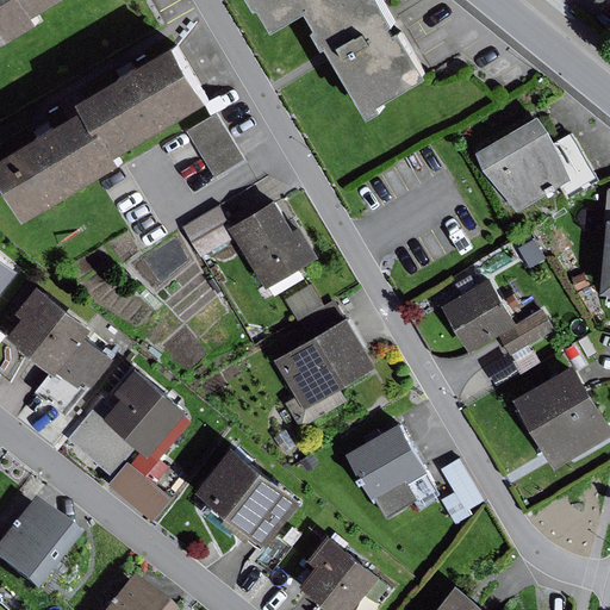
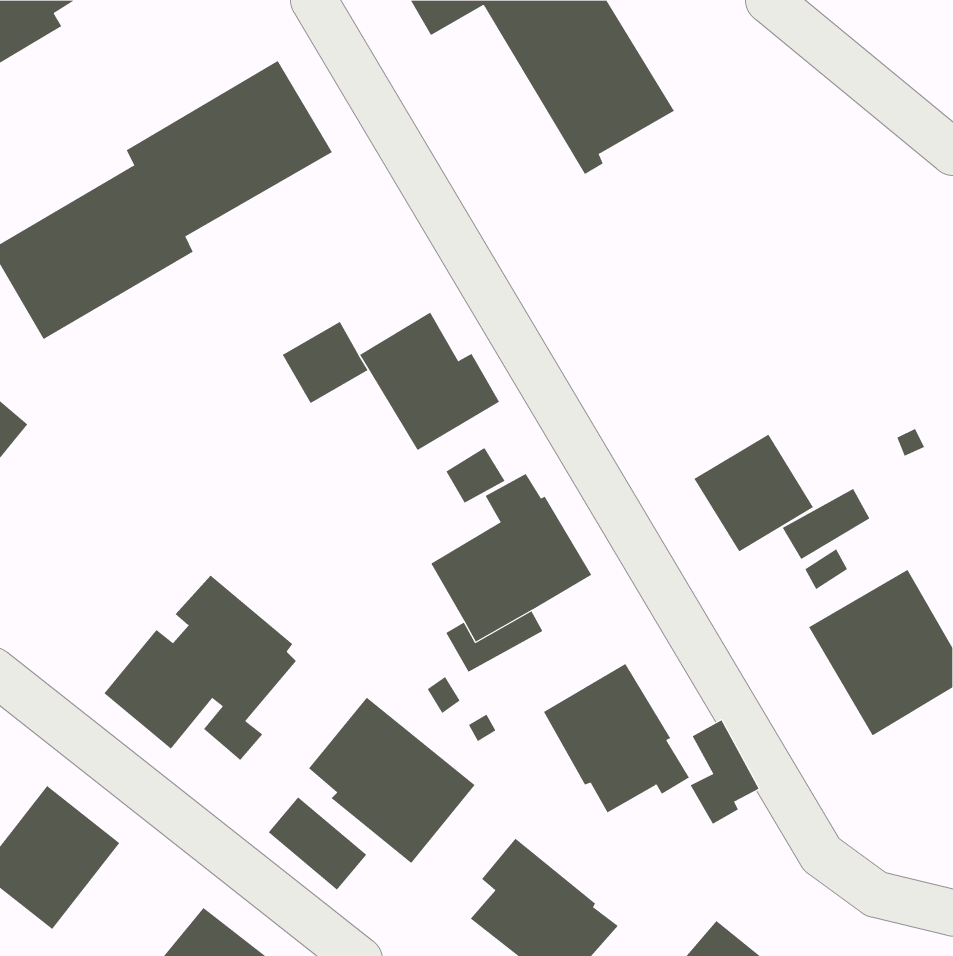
building: [183,114,241,178] -> none
building: [474,116,598,213] -> none
building: [6,286,111,417] -> none
building: [106,463,169,523] -> [268,797,367,891]

